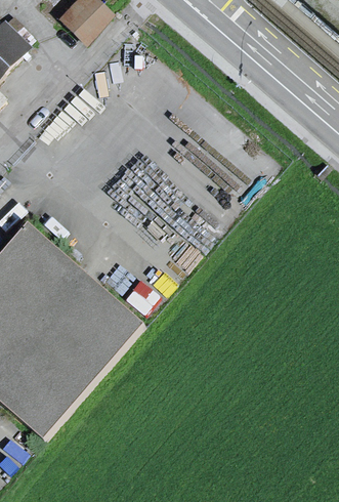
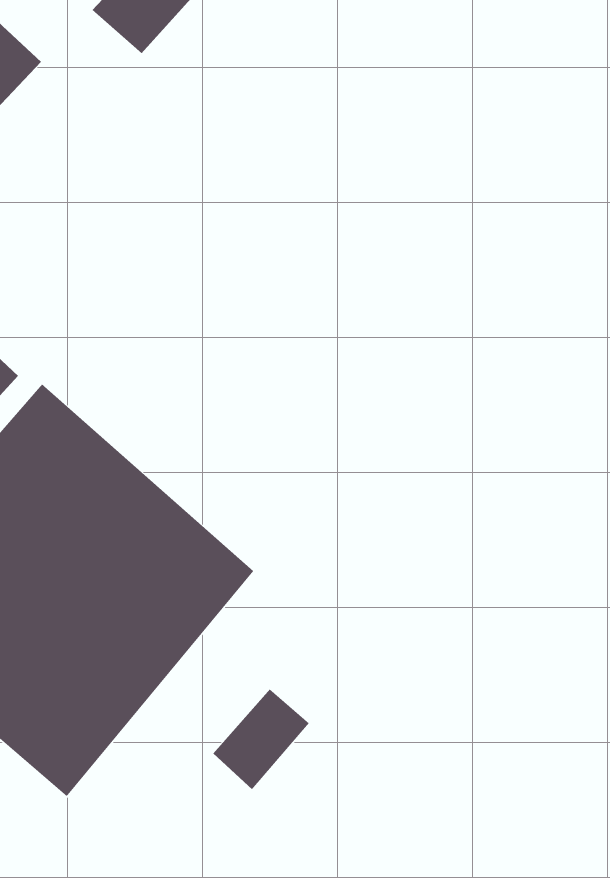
building: none -> [212,688,310,790]

